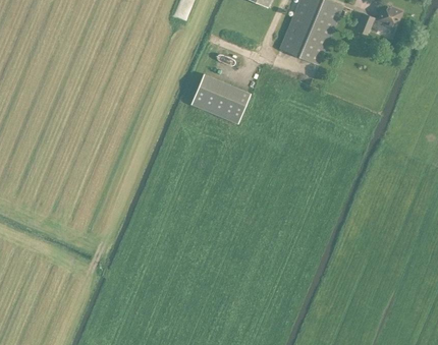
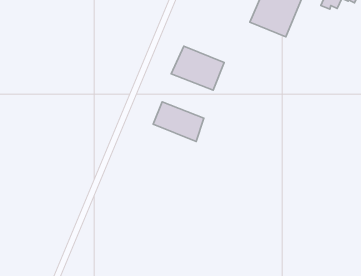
building: none -> [153,102,204,142]

